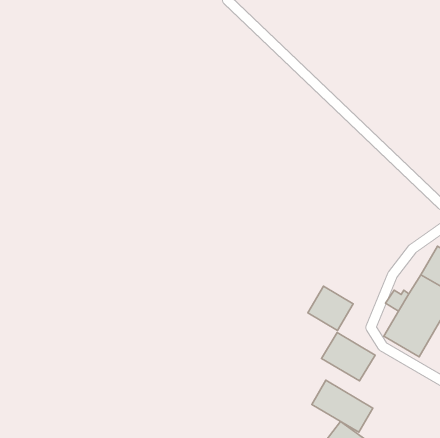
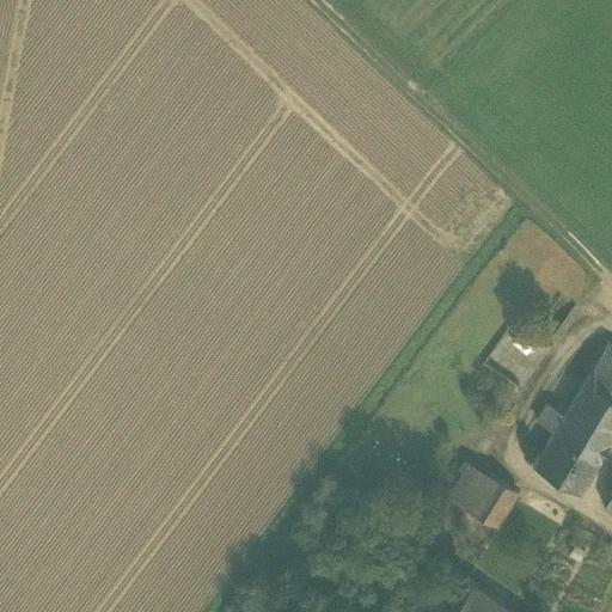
building: [308,286,353,330] -> none
building: [312,380,373,432] -> none

